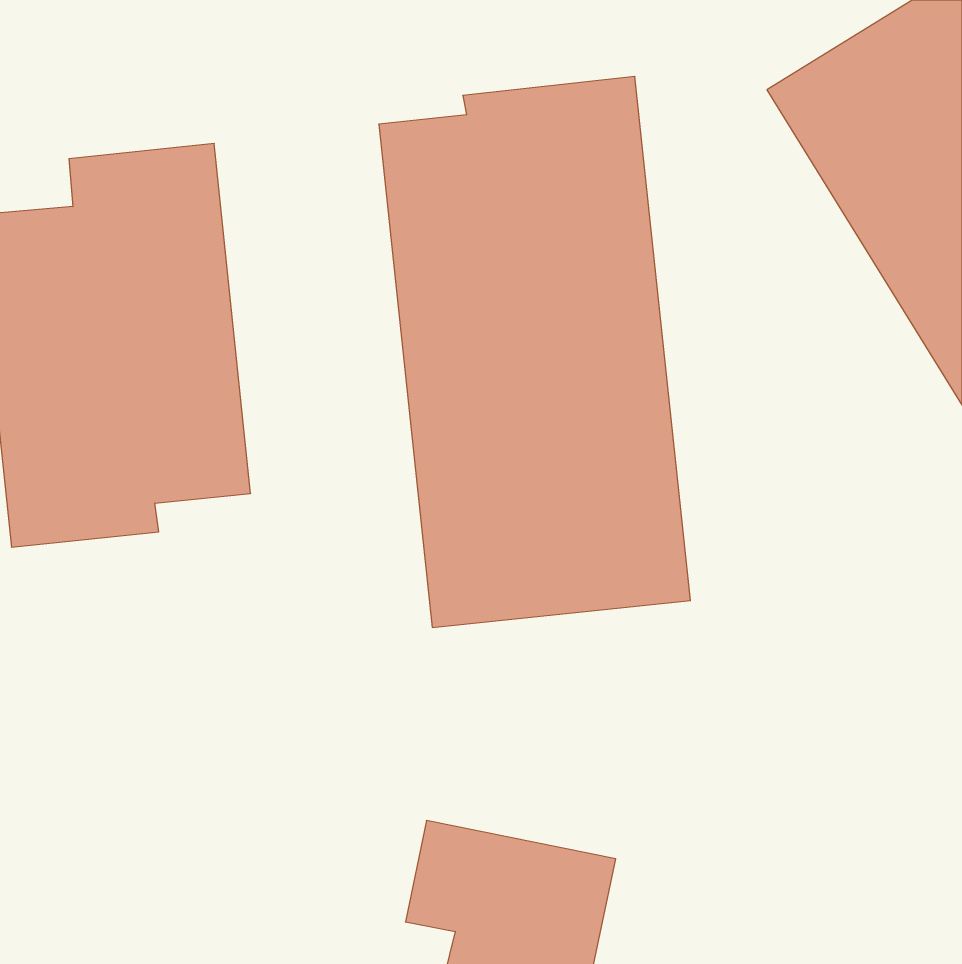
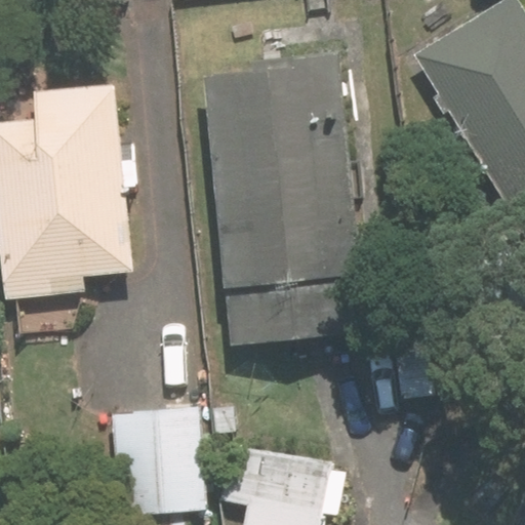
building: none -> [114,406,206,517]

